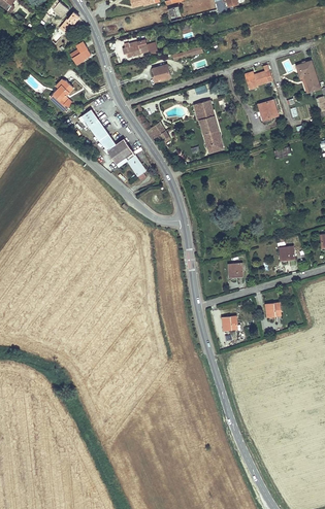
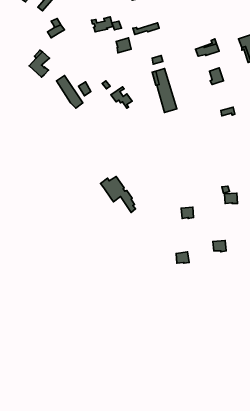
building: [104,139,145,181] -> [100,176,136,212]

